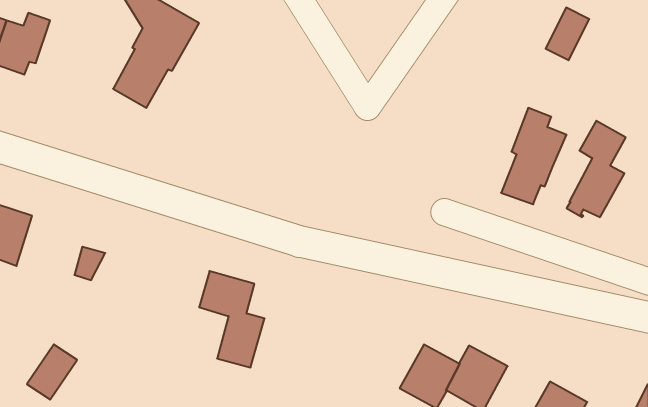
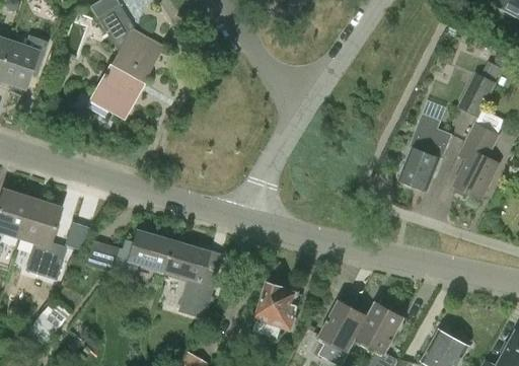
building: [546,8,589,60] -> [459,73,494,115]
building: none -> [18,198,59,277]
building: none -> [93,230,170,276]
building: none -> [256,281,301,326]

